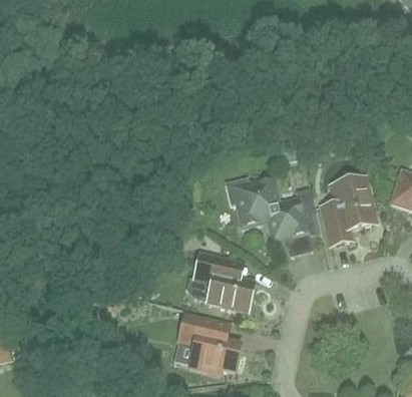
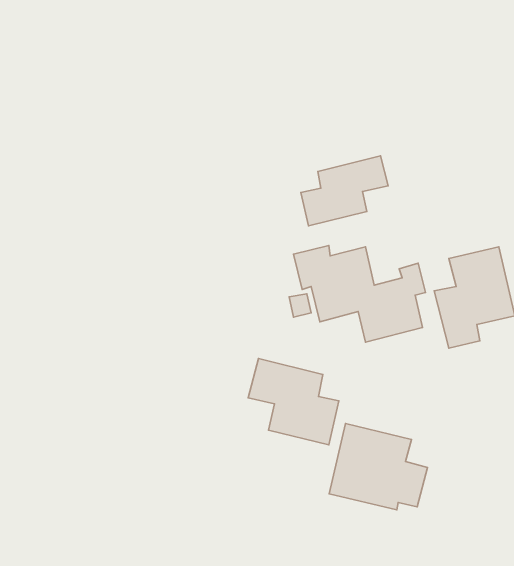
building: none -> [301,156,388,226]
building: [173,313,241,372] -> [329,423,427,510]

